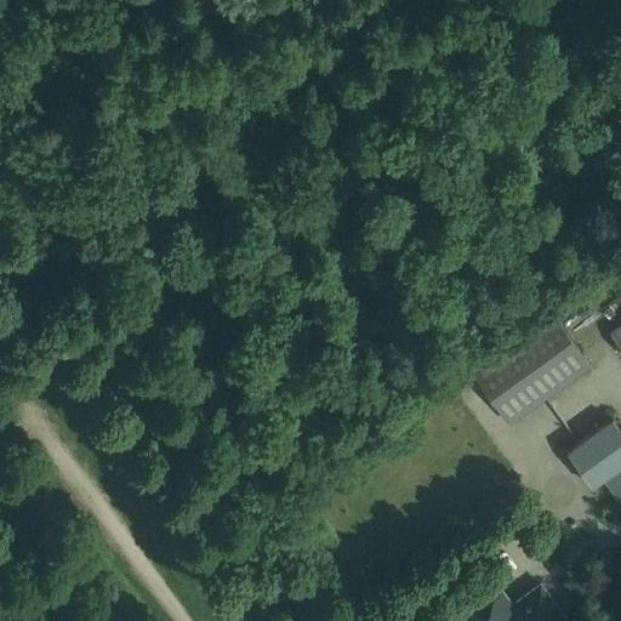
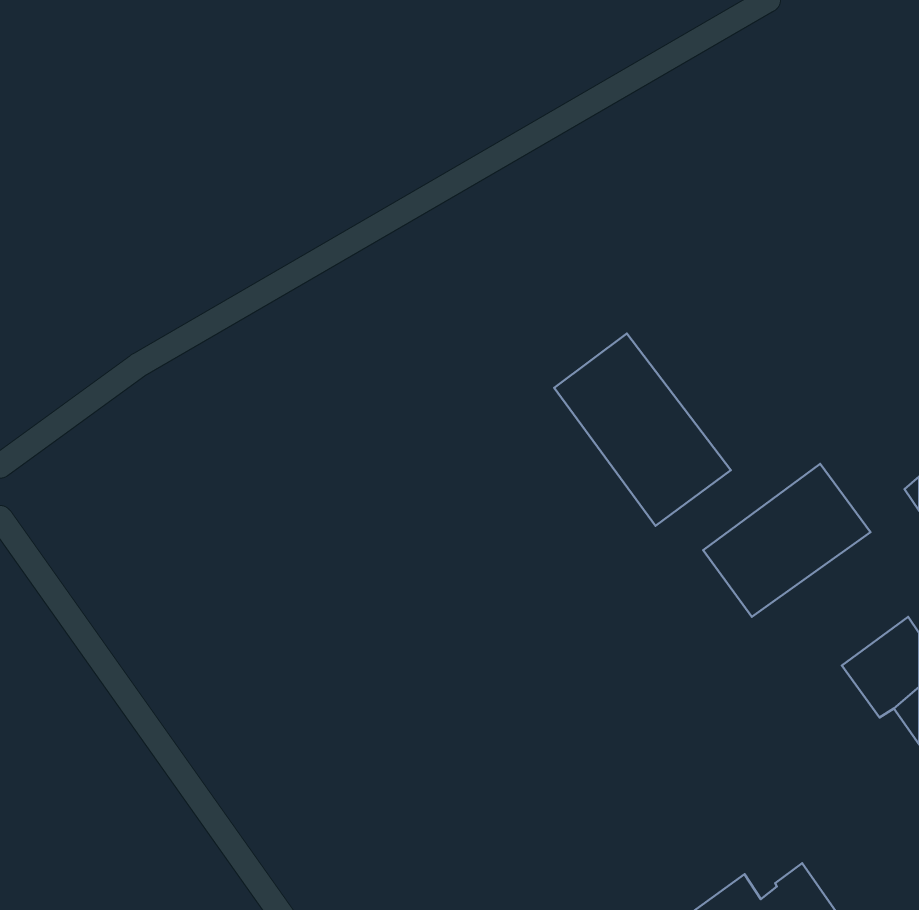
building: none -> [554,334,731,526]

